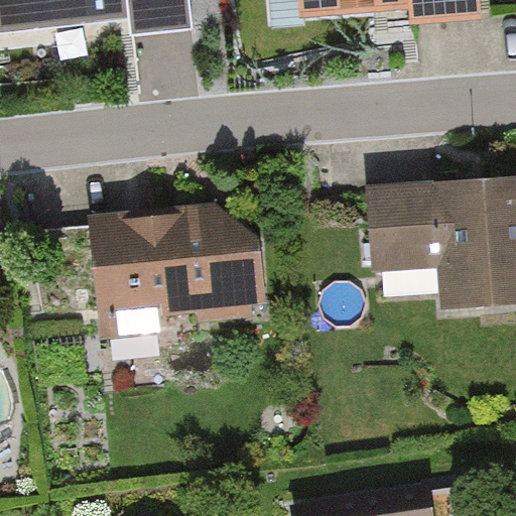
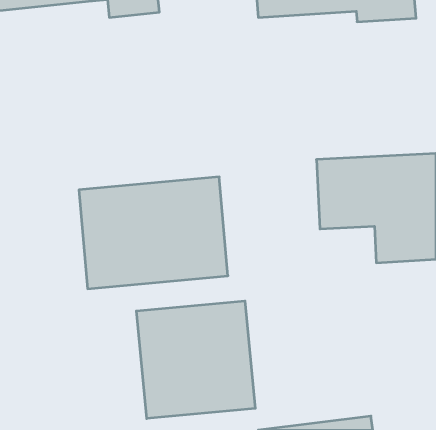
building: none -> [136,301,255,419]

